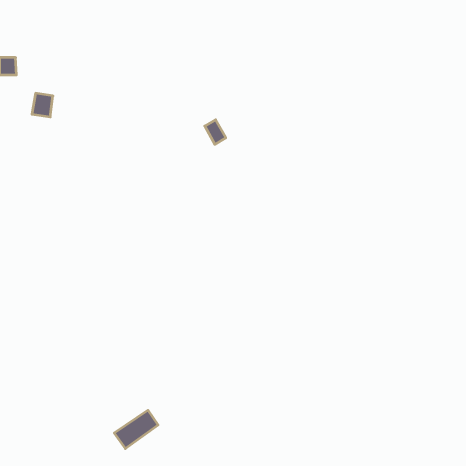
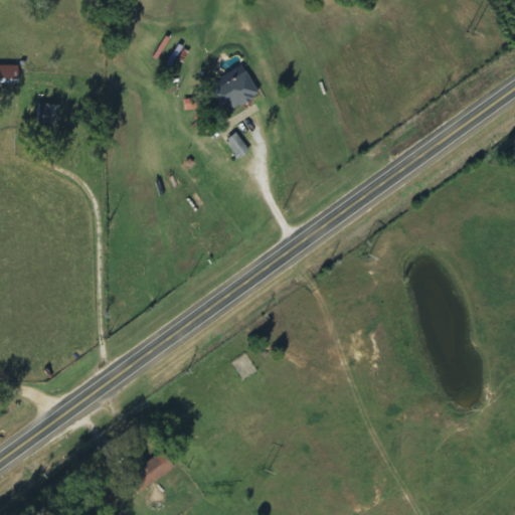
building: none -> [209,64,260,110]

